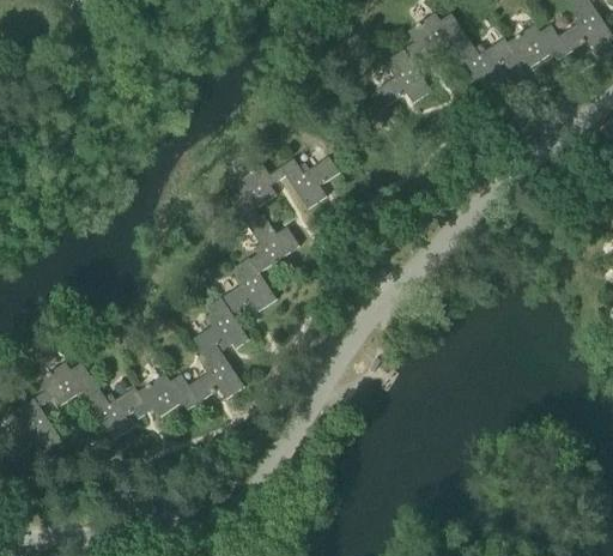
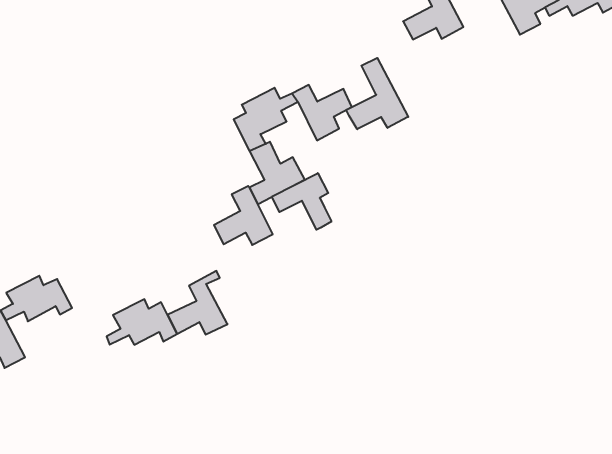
building: none -> [346,58,408,129]
building: none -> [272,173,331,230]
building: [193,298,249,357] -> none
building: [85,388,146,441] -> none

